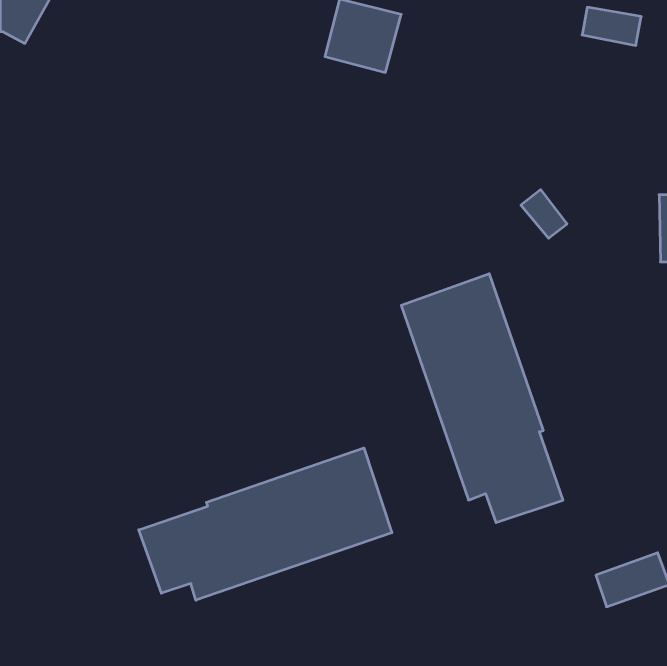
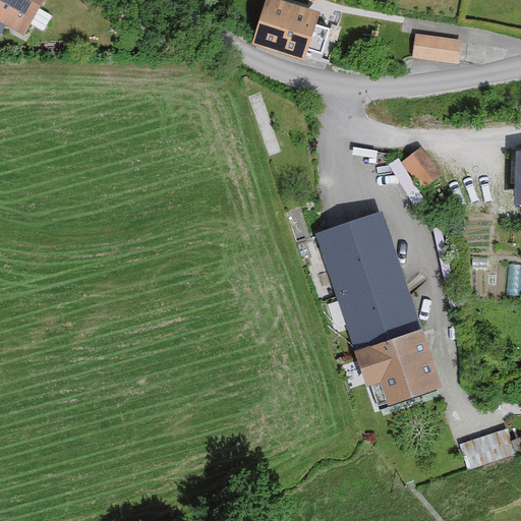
building: [582,7,641,45] -> [414,32,460,61]
building: [139,448,392,600] -> none

